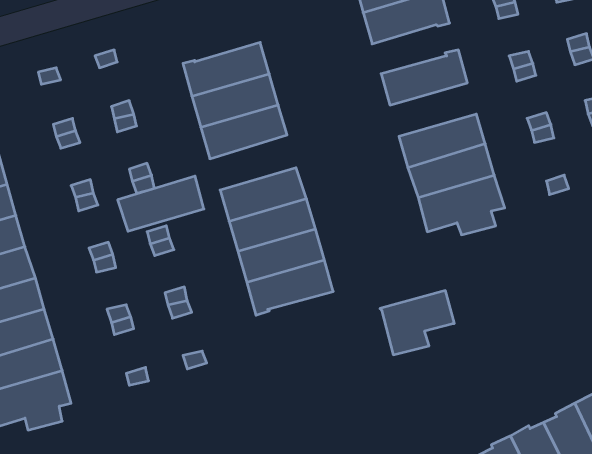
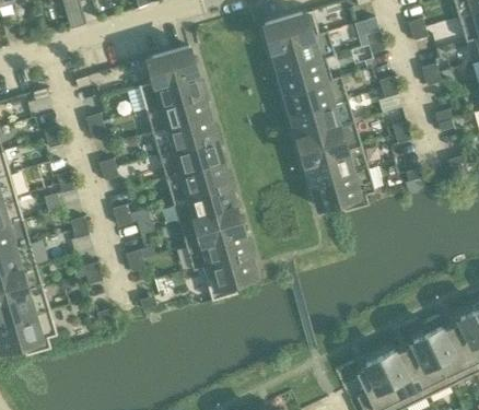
building: none -> [140,46,195,84]
building: none -> [277,57,331,93]
building: none -> [290,99,353,139]
building: [118,176,204,231] -> [157,138,221,178]
building: [380,291,454,355] -> [200,253,255,300]

